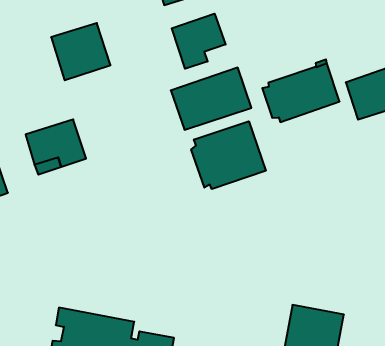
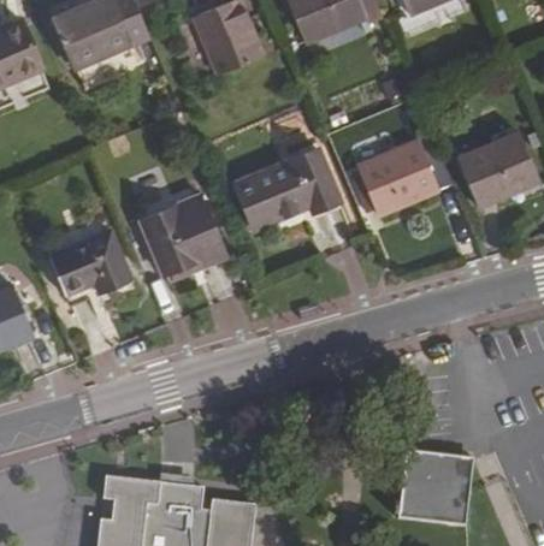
building: [172,14,226,69] -> none
building: [51,23,111,80] -> [141,198,220,275]
building: [191,121,266,189] -> none

